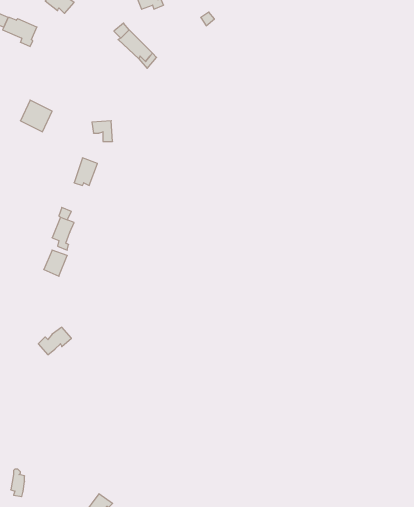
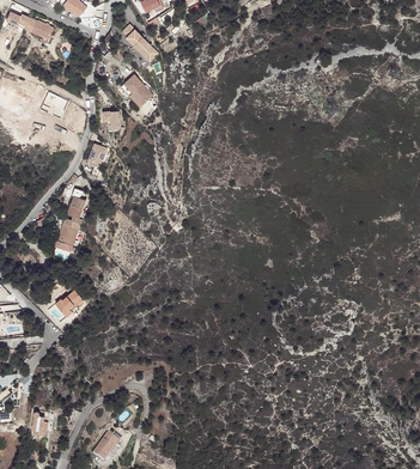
building: none -> [121,74,153,106]

